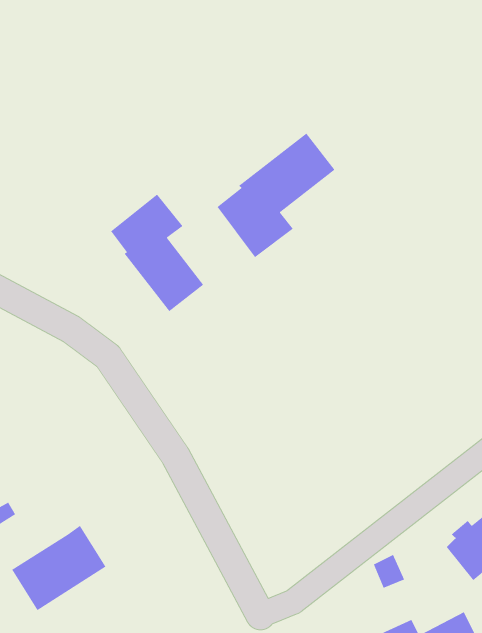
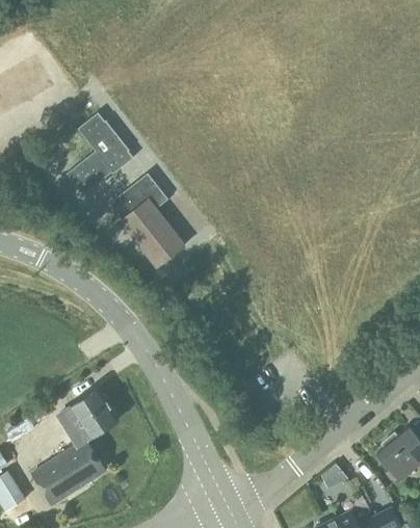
building: none -> [65,113,133,195]
building: [217,133,336,258] -> none
building: none -> [57,391,117,445]

